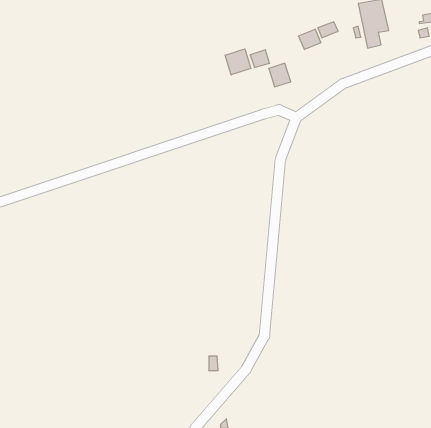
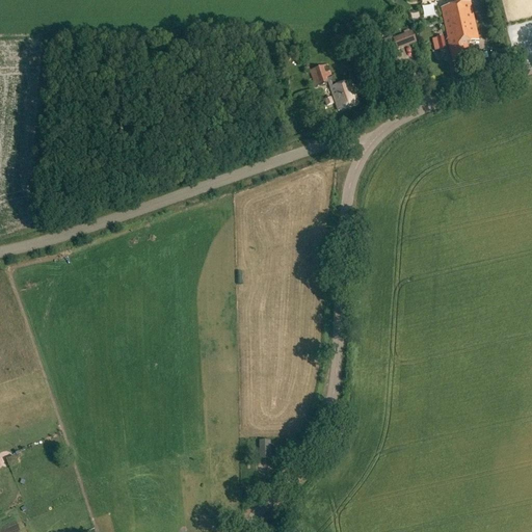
building: [299,29,321,50] -> none
building: [225,49,251,75] -> none

